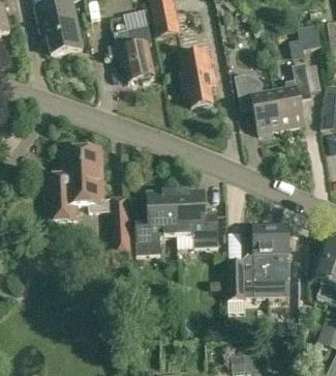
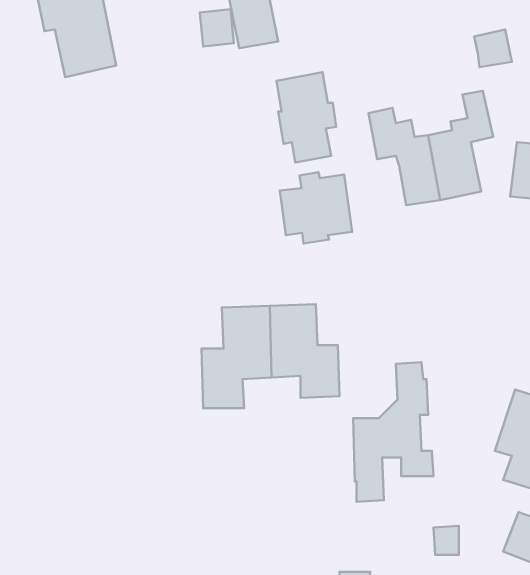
building: [113,29,154,82] -> none
building: none -> [280,172,352,243]
building: [43,149,126,232] -> none
building: [266,226,289,296] -> none

